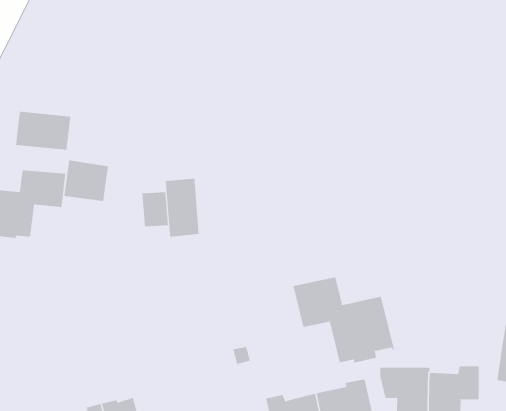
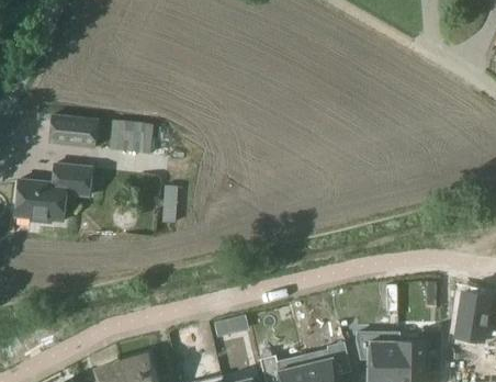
building: [63,160,109,201] -> [101,119,139,154]
building: [165,178,199,237] -> none
building: [293,277,395,363] -> none

